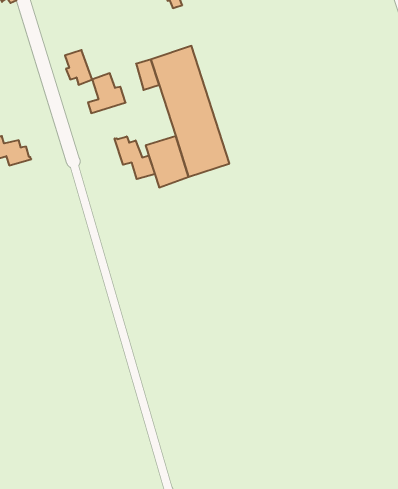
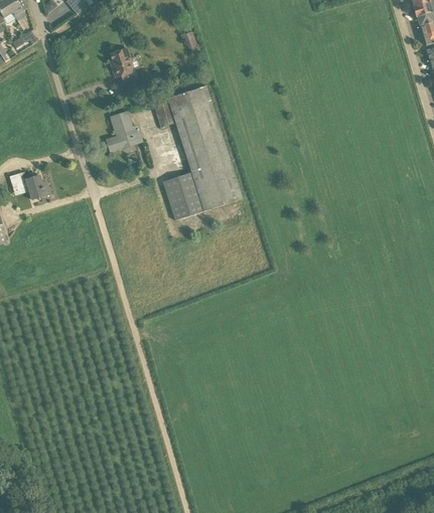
building: [65,50,92,85] -> [109,47,135,80]
building: [115,136,155,179] -> none

